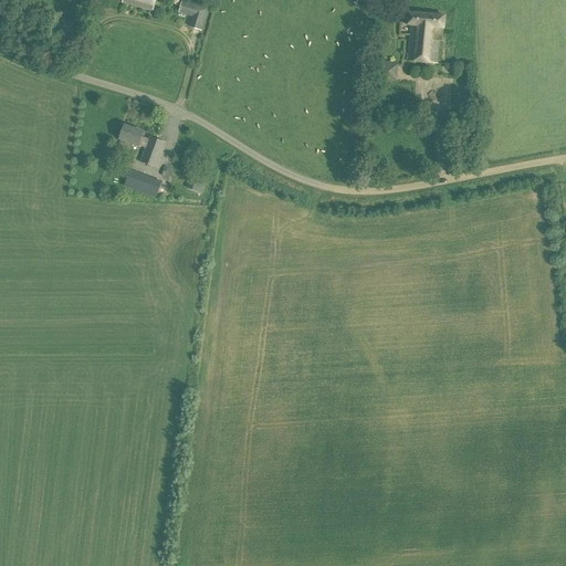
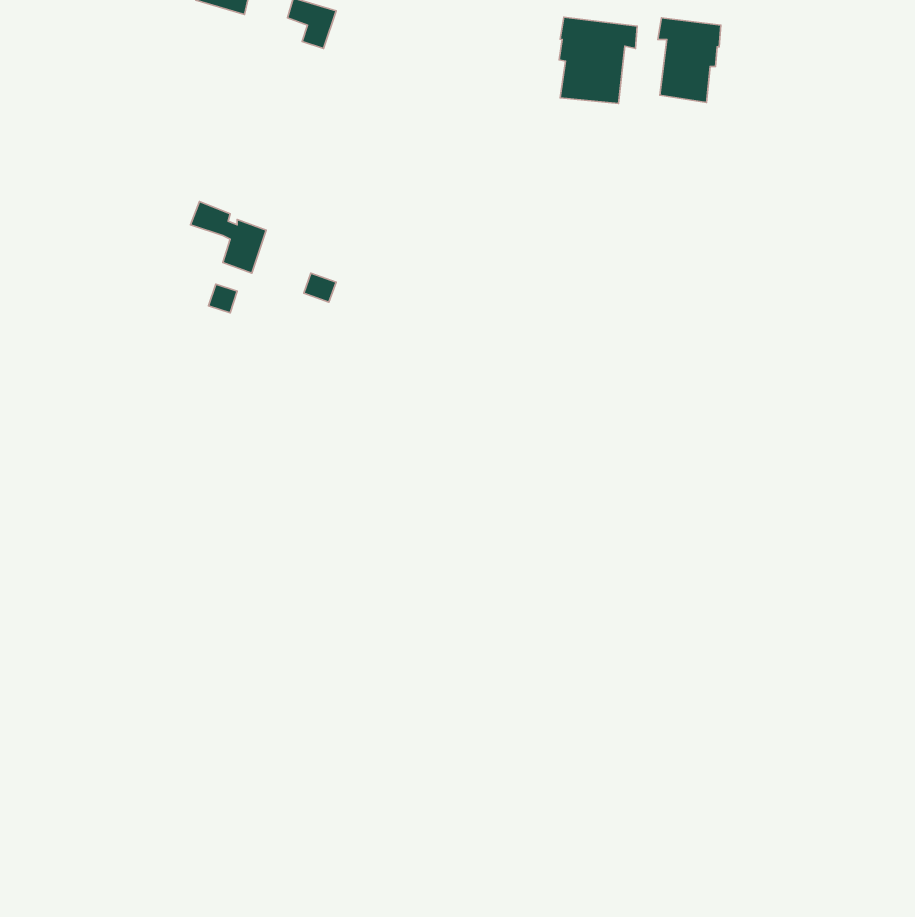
building: none -> [559,17,637,103]

